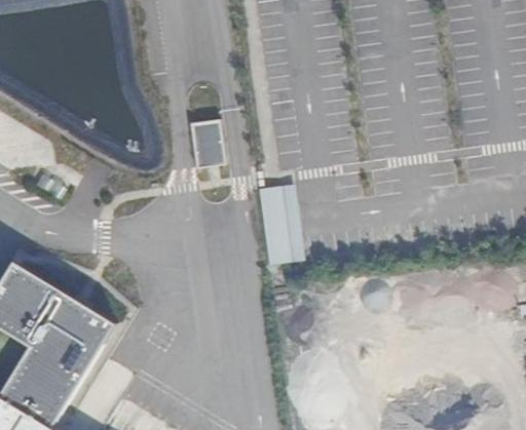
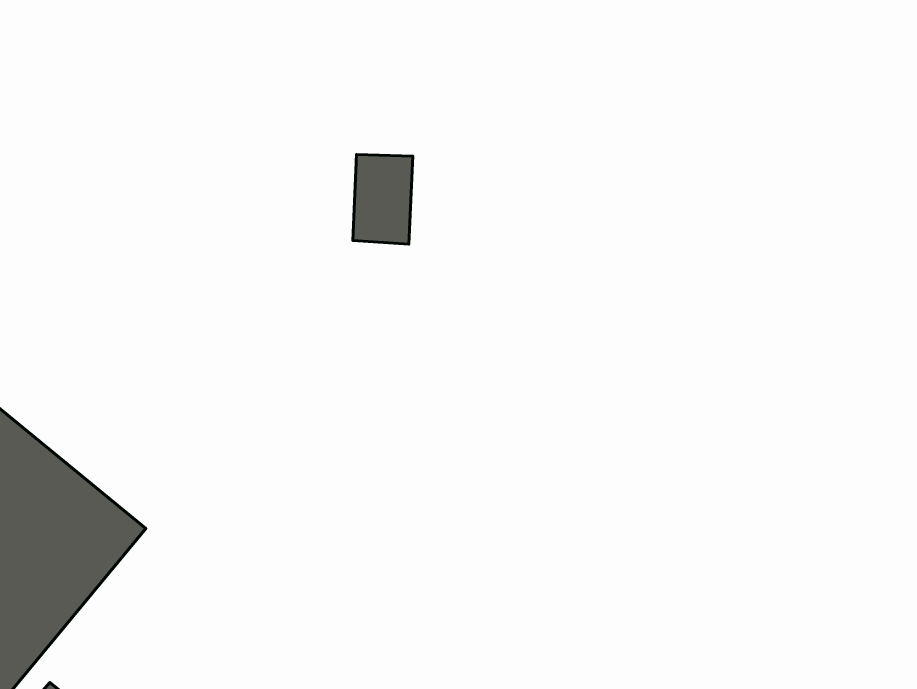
building: [263,185,303,264] -> none

